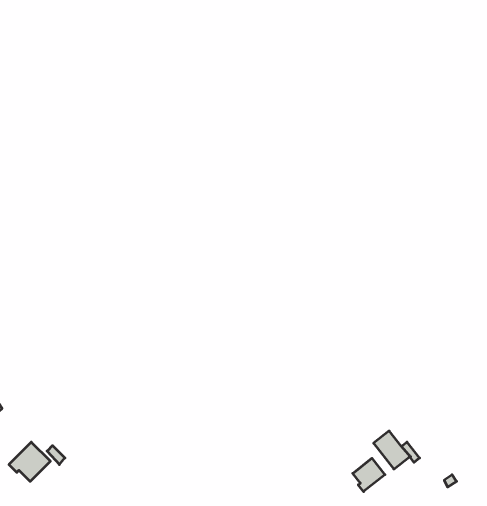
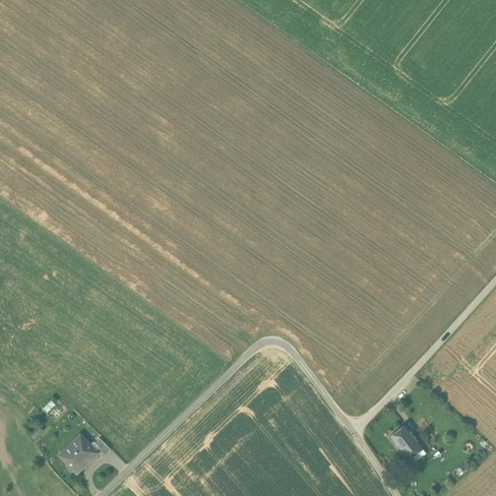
building: [353,458,385,492] -> none

